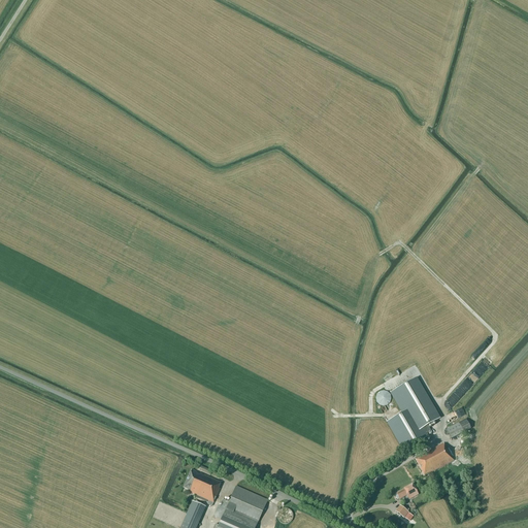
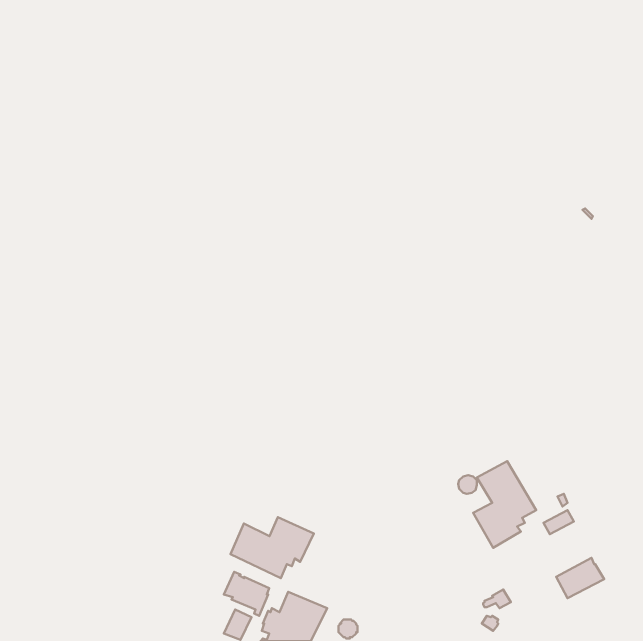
building: none -> [230,517,314,578]
building: [415,442,454,475] -> [556,558,604,598]

